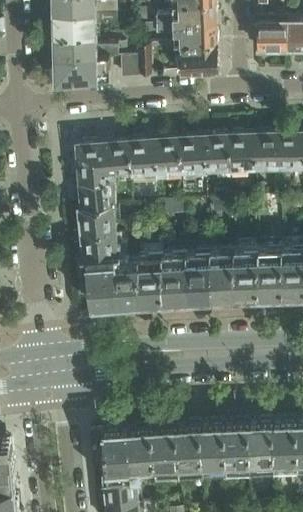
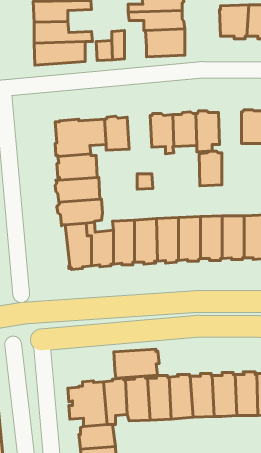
building: [254,133,279,171] -> [199,151,222,186]
building: [154,138,181,176] -> none
building: none -> [114,349,159,378]

